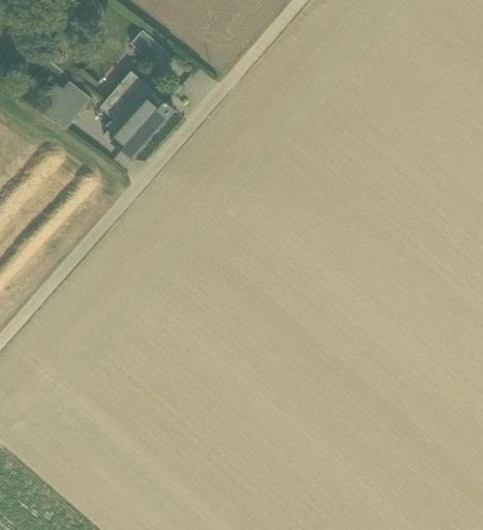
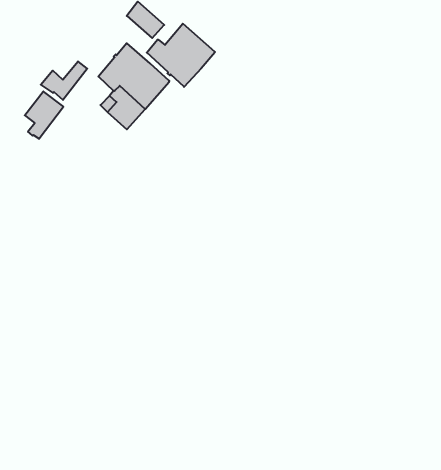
building: none -> [147,24,215,87]
building: none -> [25,91,63,139]

